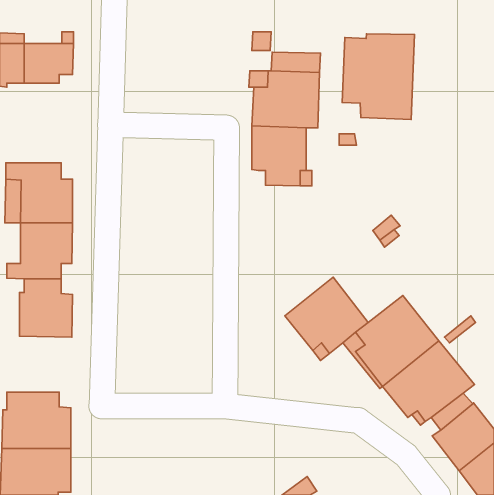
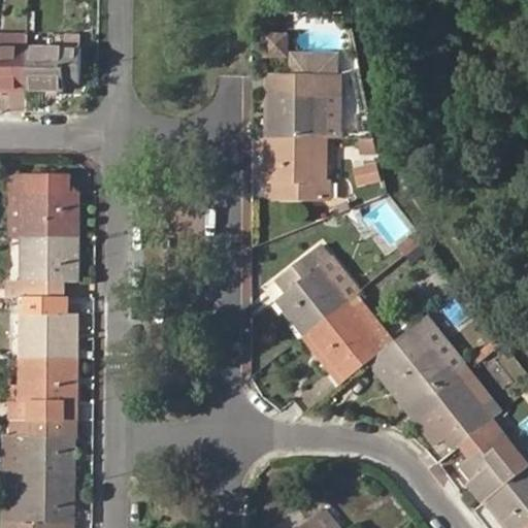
building: [342,34,414,120] -> none
building: none -> [275,244,361,336]
building: none -> [7,358,76,418]

